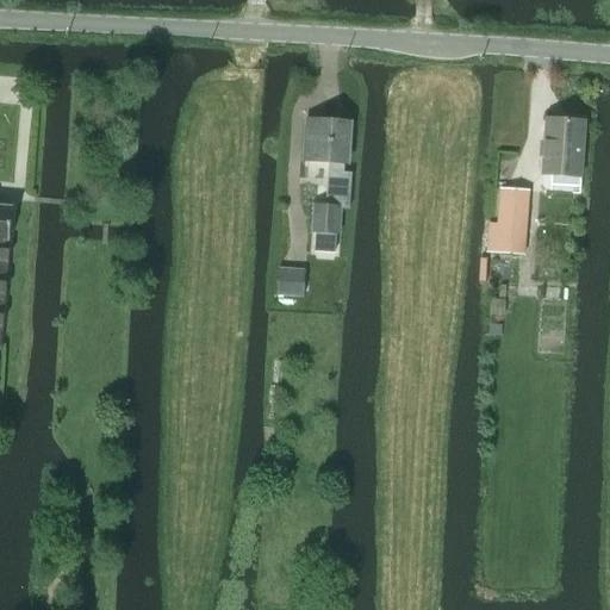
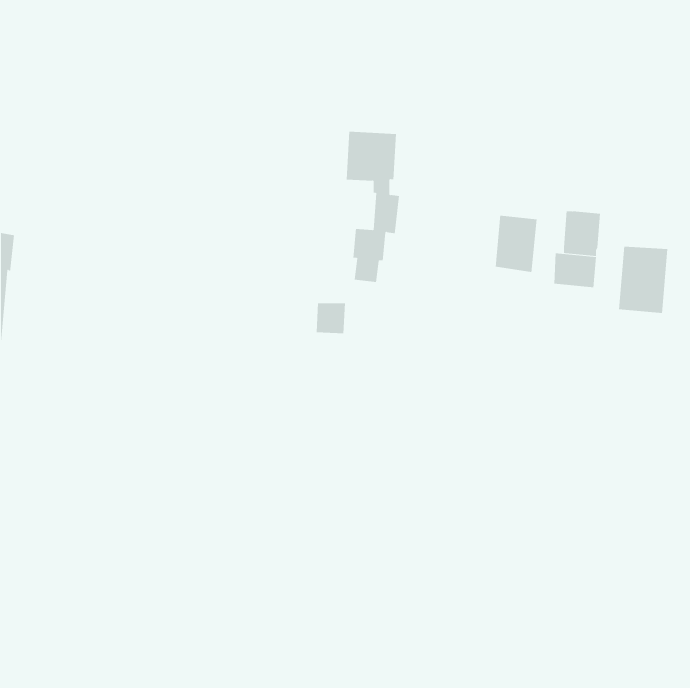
building: [541,116,585,175] -> [618,246,668,314]
building: none -> [495,215,537,273]

